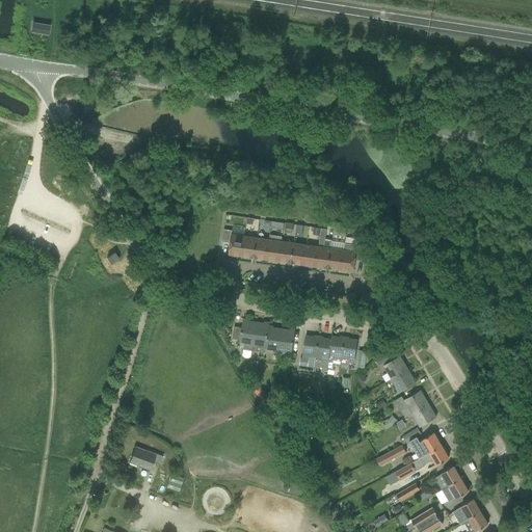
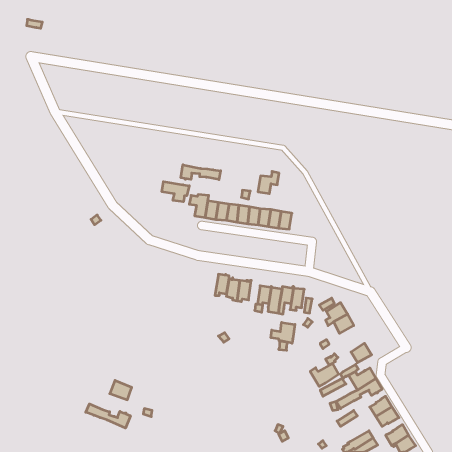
building: none -> [181,165,221,180]
building: none -> [162,182,189,202]
building: [340,245,365,271] -> [258,171,279,194]
building: [233,319,257,353] -> none
building: none -> [271,322,295,343]
building: [395,391,428,418] -> [310,363,339,386]
building: none -> [86,404,130,428]

